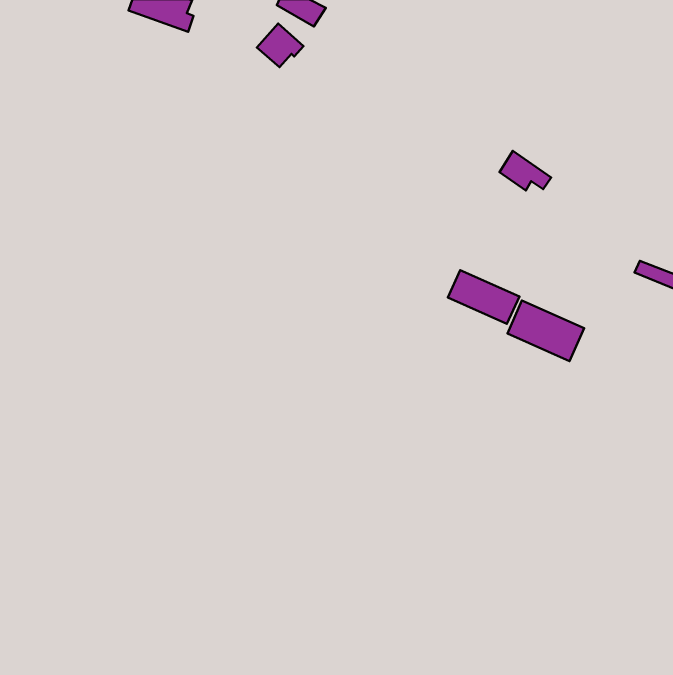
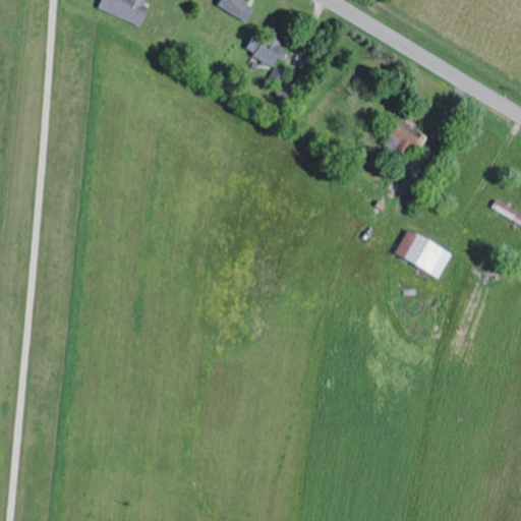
building: [257,24,303,67] -> [251,34,287,67]
building: [448,270,519,324] -> none

